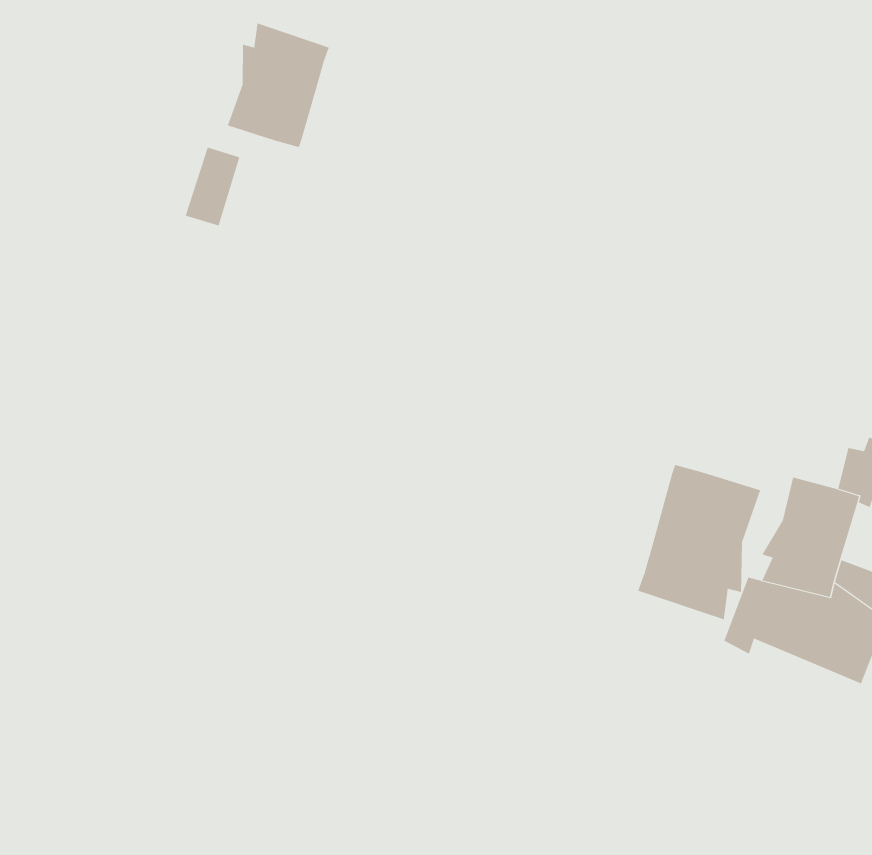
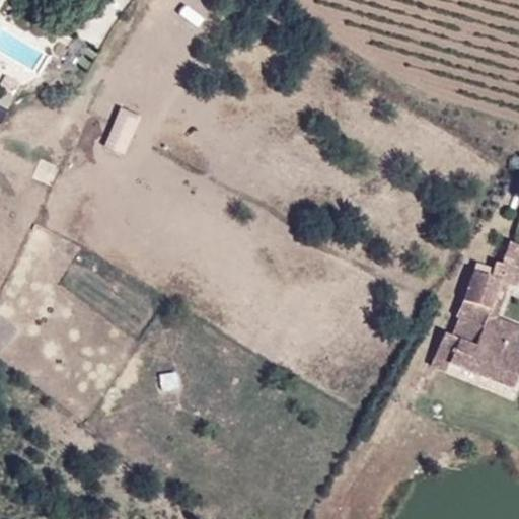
building: [227,23,330,148] -> none
building: [637,464,761,620] -> none

